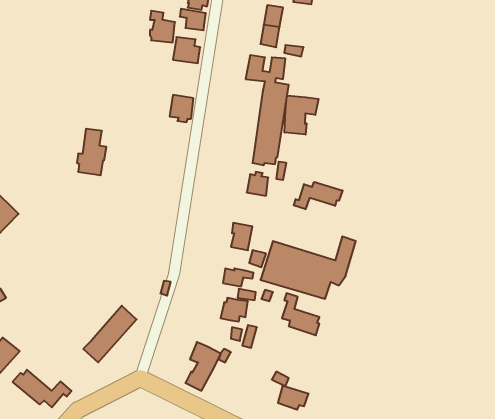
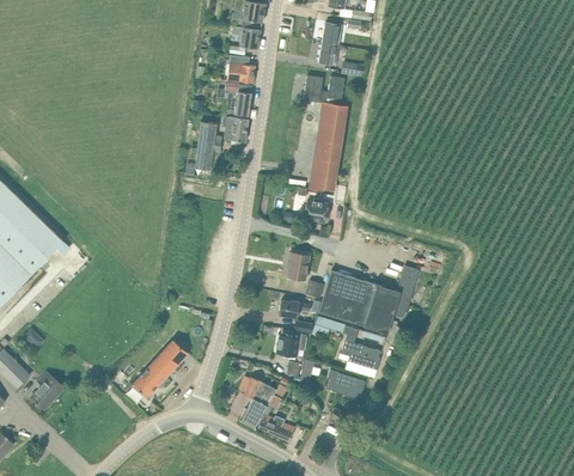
building: [150,11,175,42] -> [225,81,251,115]
building: [285,96,319,135] -> none
building: [77,129,106,175] -> [190,121,221,170]
building: [294,182,343,209] -> none
building: none -> [256,404,294,441]
building: [13,370,71,407] -> none
building: [278,386,309,410] -> [332,372,365,397]

